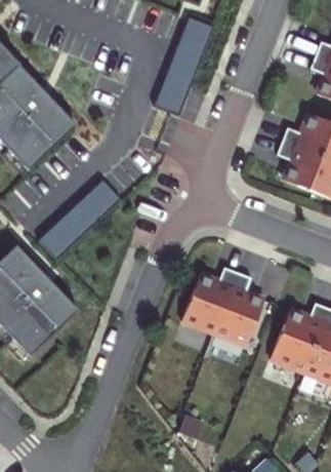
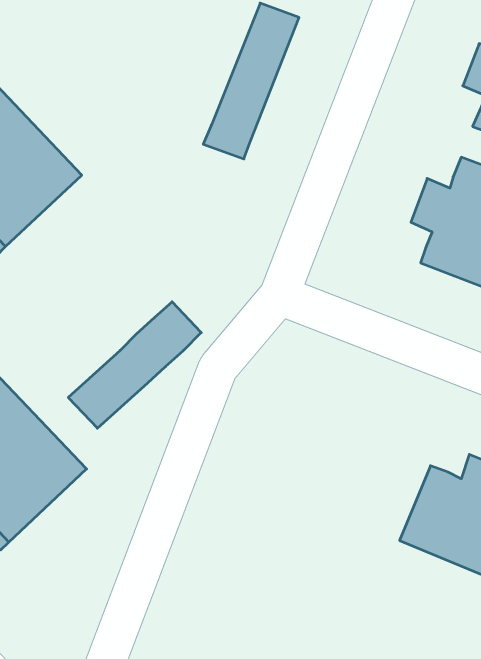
building: [35,179,119,259] -> [68,302,201,428]
building: [184,267,270,345] -> none

